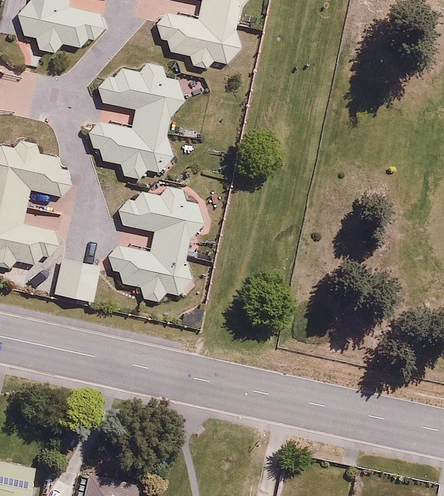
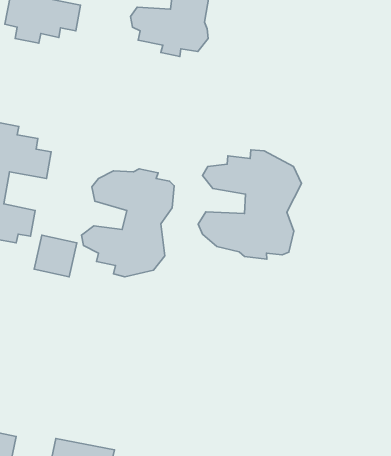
building: [84,63,182,177] -> none
building: none -> [198,150,301,259]

